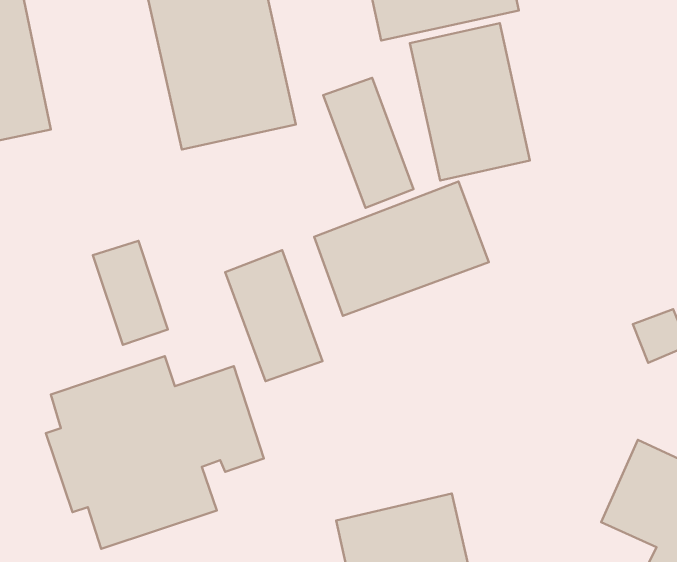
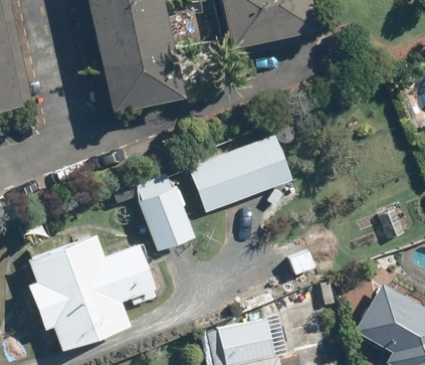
building: [410,23,530,181] -> none
building: [323,78,413,208] -> none
building: [93,241,168,345] -> none

